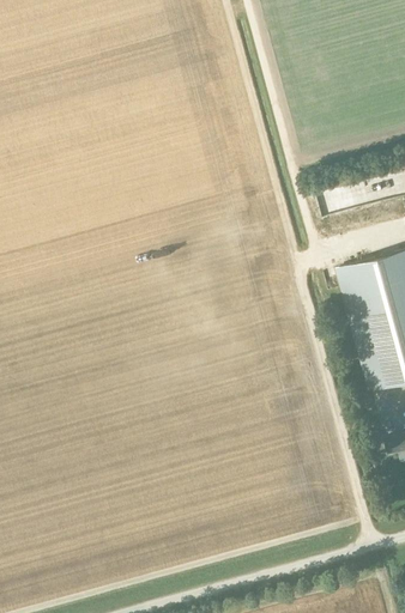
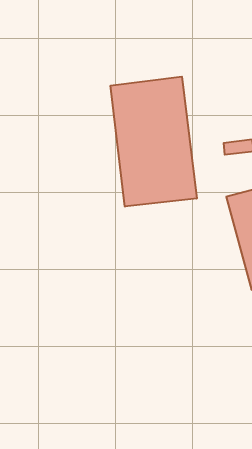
building: none -> [111,77,197,207]

